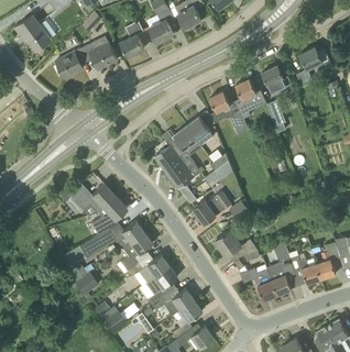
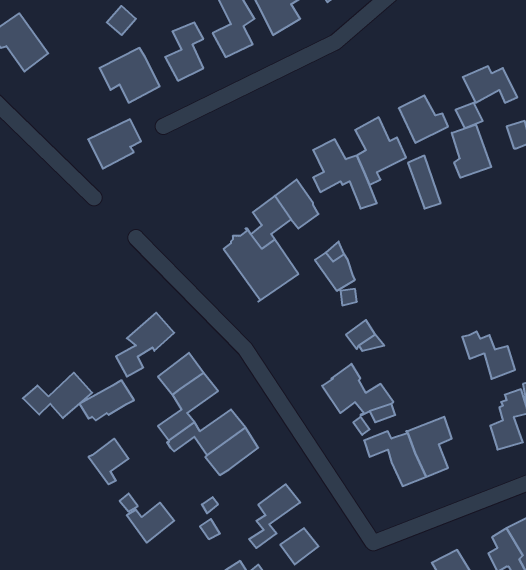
building: [55,48,87,78] -> [88,119,141,169]
building: none -> [452,124,491,178]
building: [73,184,114,211] -> [23,373,92,418]
building: [193,191,230,223] -> none
building: [288,255,320,284] -> [462,331,515,379]
building: [151,287,193,315] -> none

